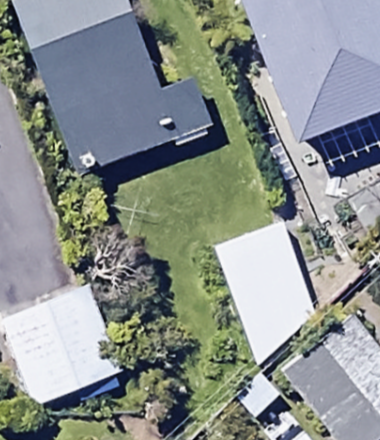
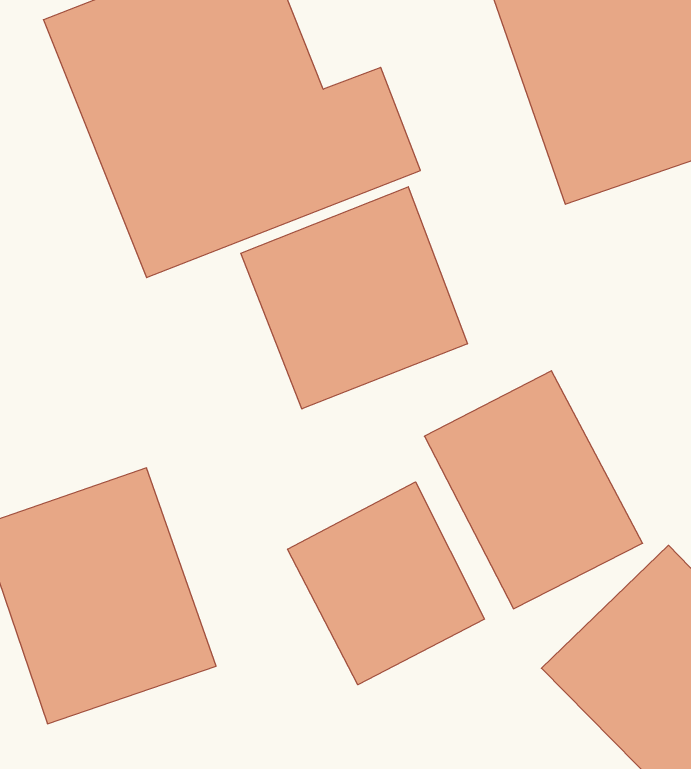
building: none -> [241,187,467,409]
building: none -> [288,482,484,685]

